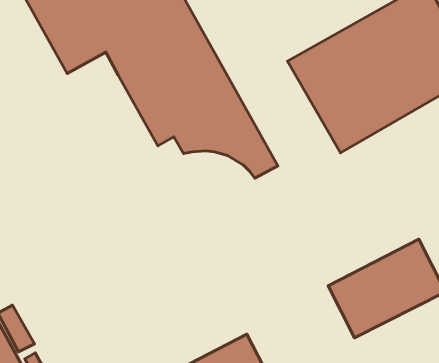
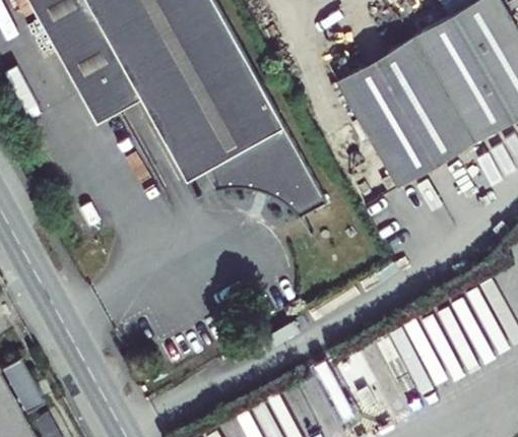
building: none -> [82,71,141,123]

